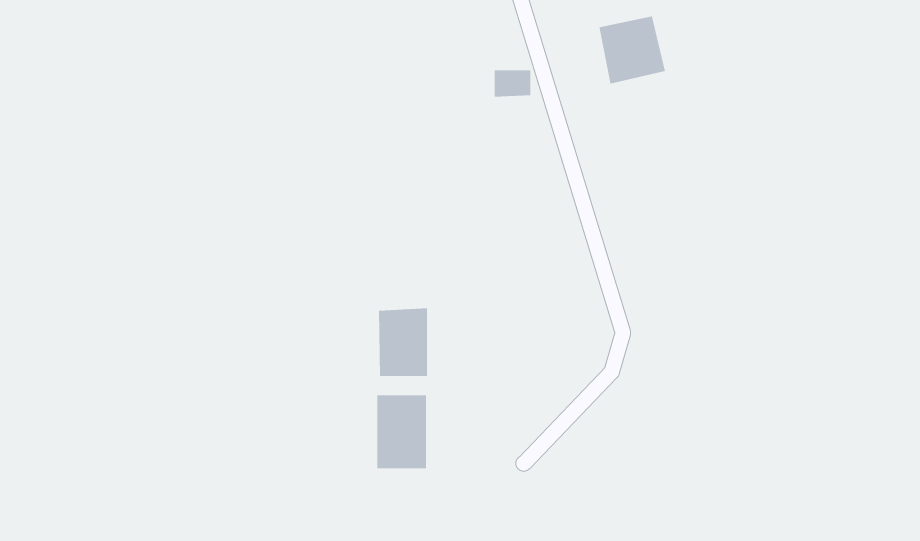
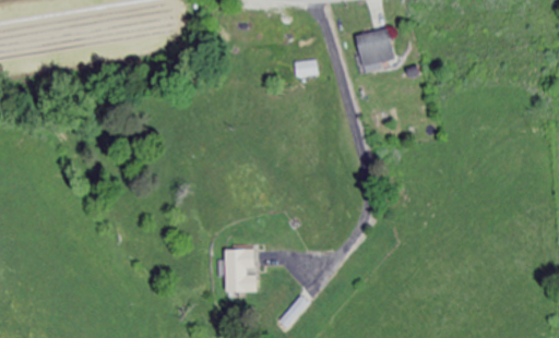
building: [378,308,428,377] -> none

